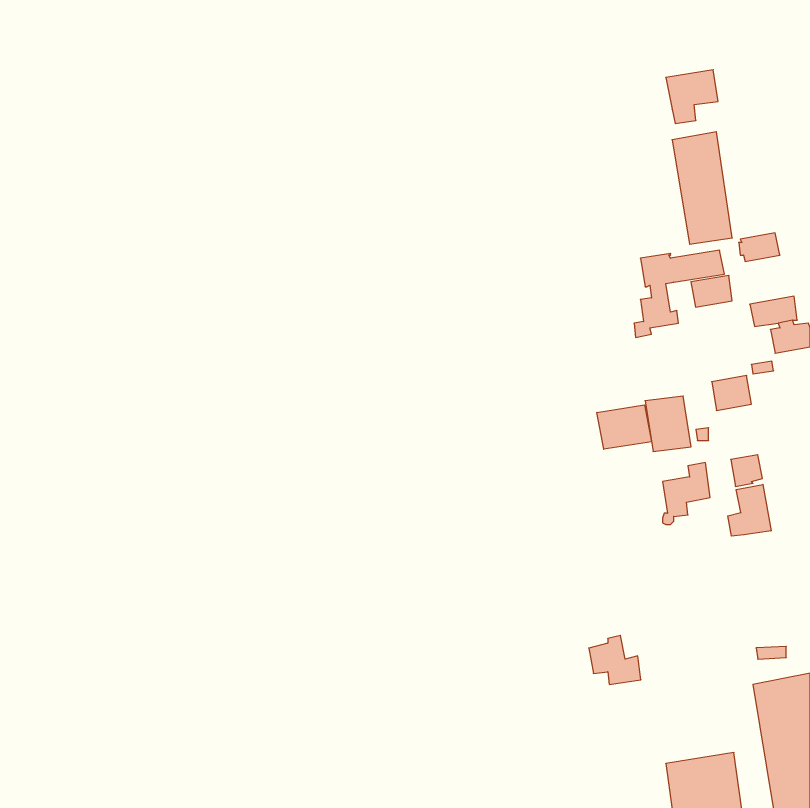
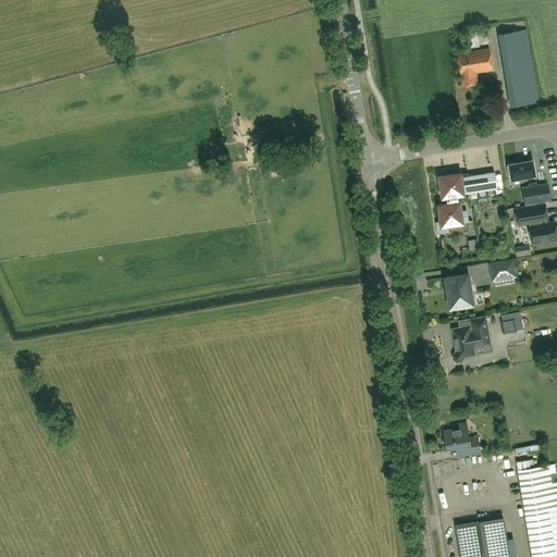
building: [672,132,732,244] -> [497,30,539,108]
building: [691,275,732,307] -> [522,184,550,206]
building: [597,405,652,449] -> none
building: [728,484,771,536] -> none
building: [589,635,641,684] -> [444,423,480,457]

